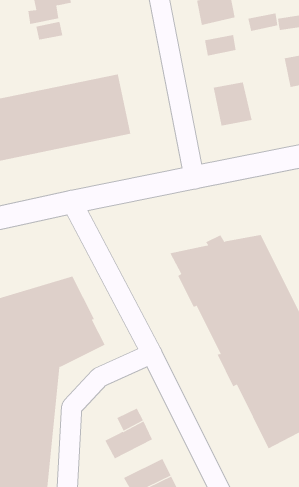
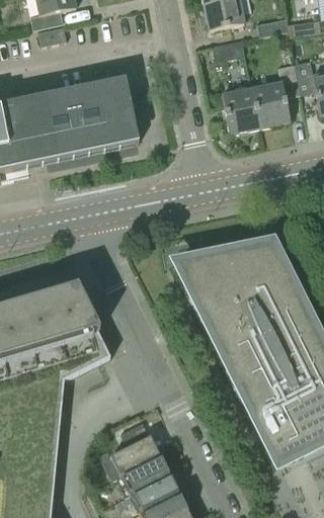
building: none -> [252,60,300,123]
building: none -> [115,451,169,492]

